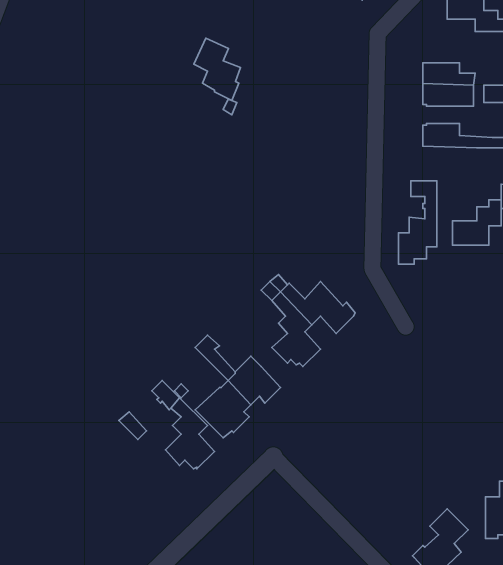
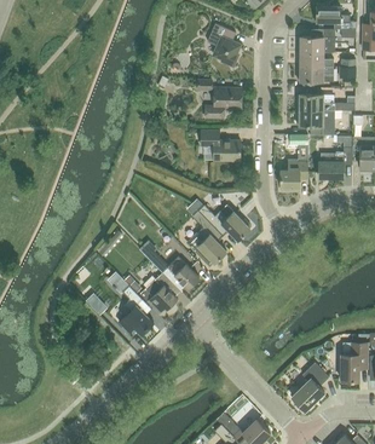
building: none -> [296,30,334,53]
building: [194,38,241,101] -> [206,24,238,68]
building: none -> [204,88,240,117]
building: none -> [295,110,334,135]
building: none -> [200,131,240,162]

